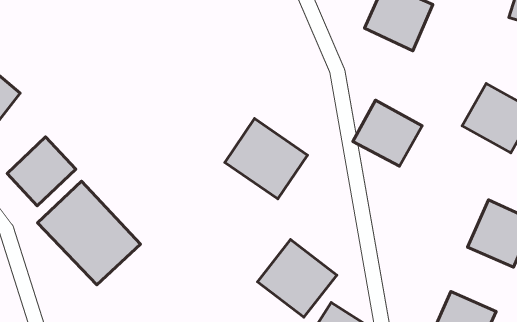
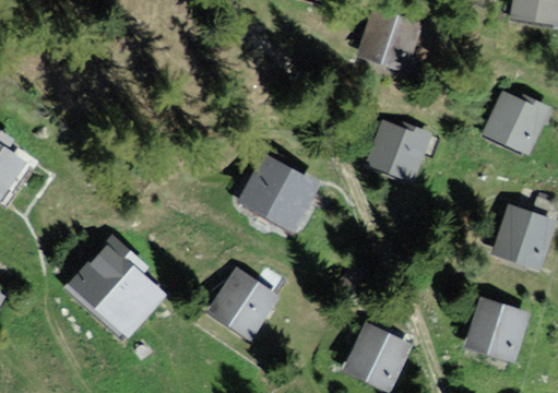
building: [7,137,76,206] -> none
building: [258,239,337,317] -> [207,269,284,343]

